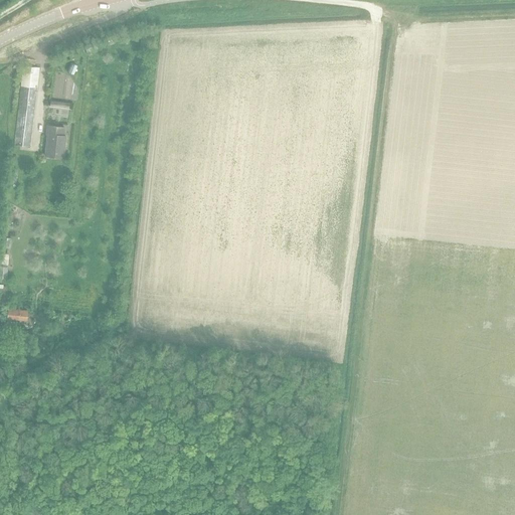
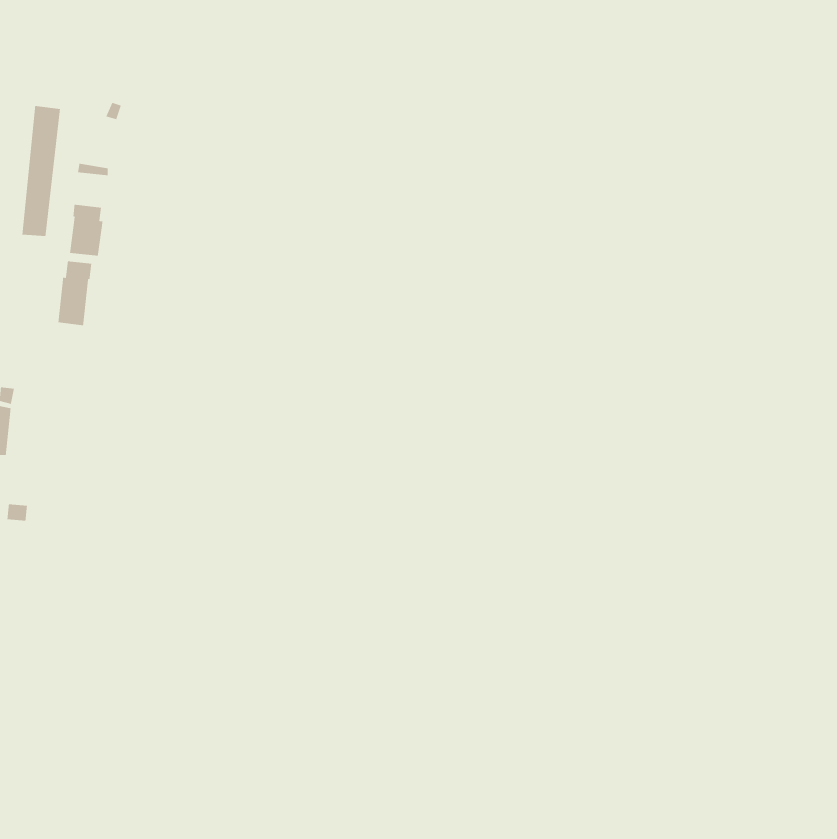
building: none -> [58,260,92,326]

